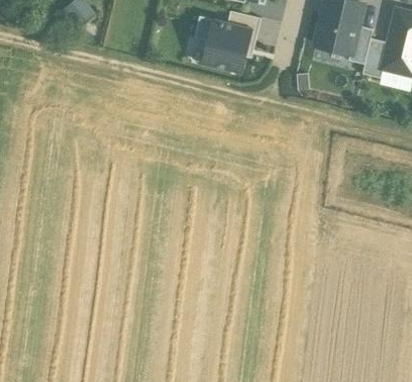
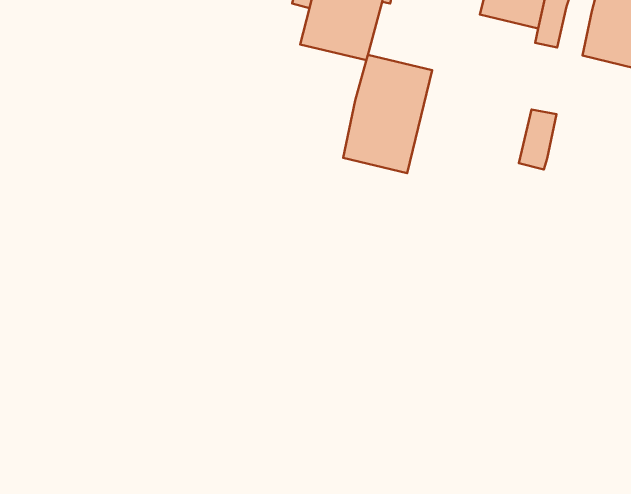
building: [359,38,384,77] -> [519,110,557,169]
building: none -> [343,55,432,173]

